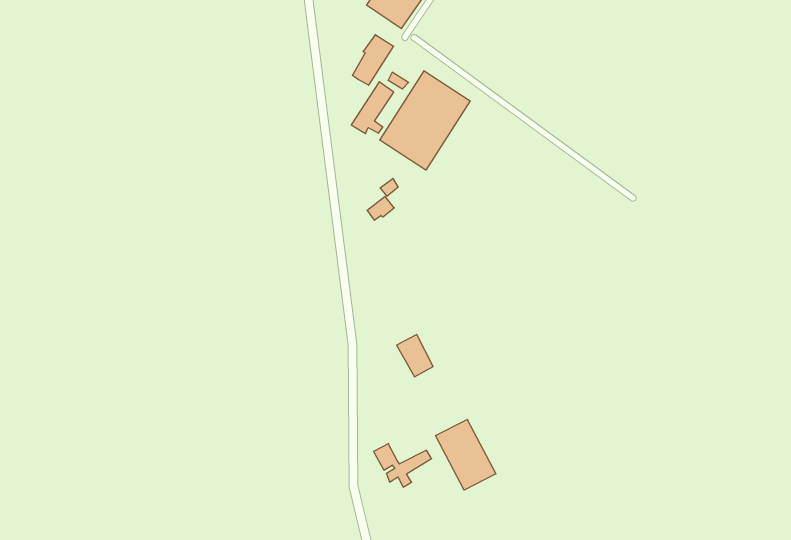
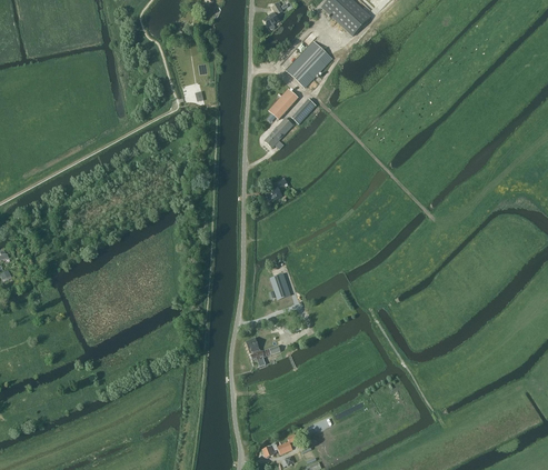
building: [380,71,470,170] -> none
building: [436,419,496,490] -> none

